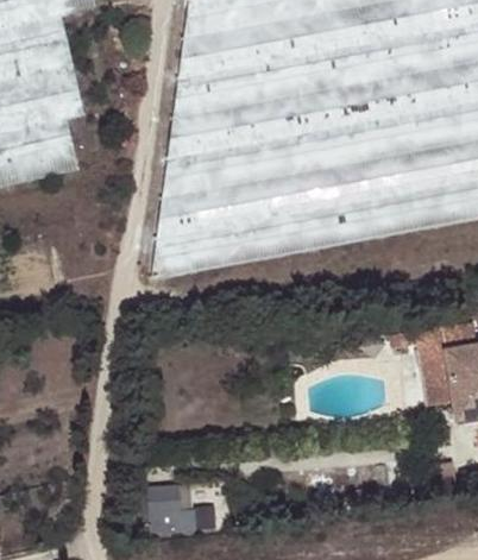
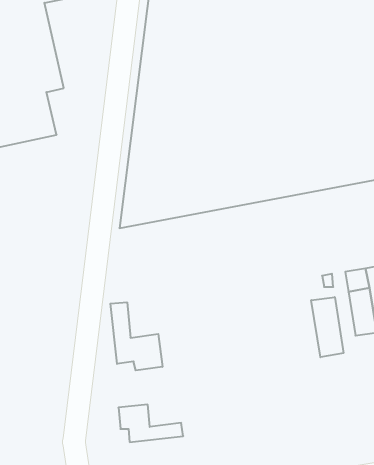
building: none -> [311,297,343,357]
building: none -> [110,302,162,370]

